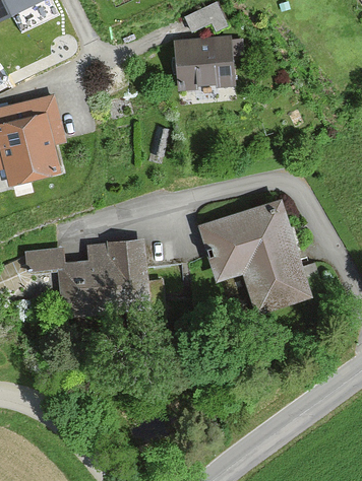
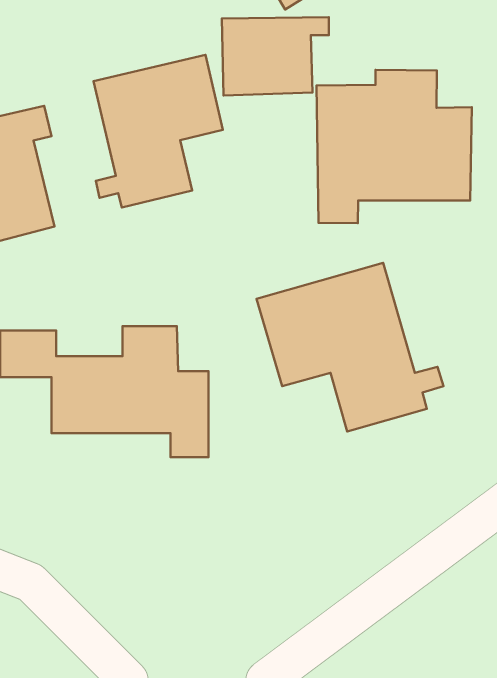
building: none -> [93,55,223,207]
building: none -> [317,70,472,223]

